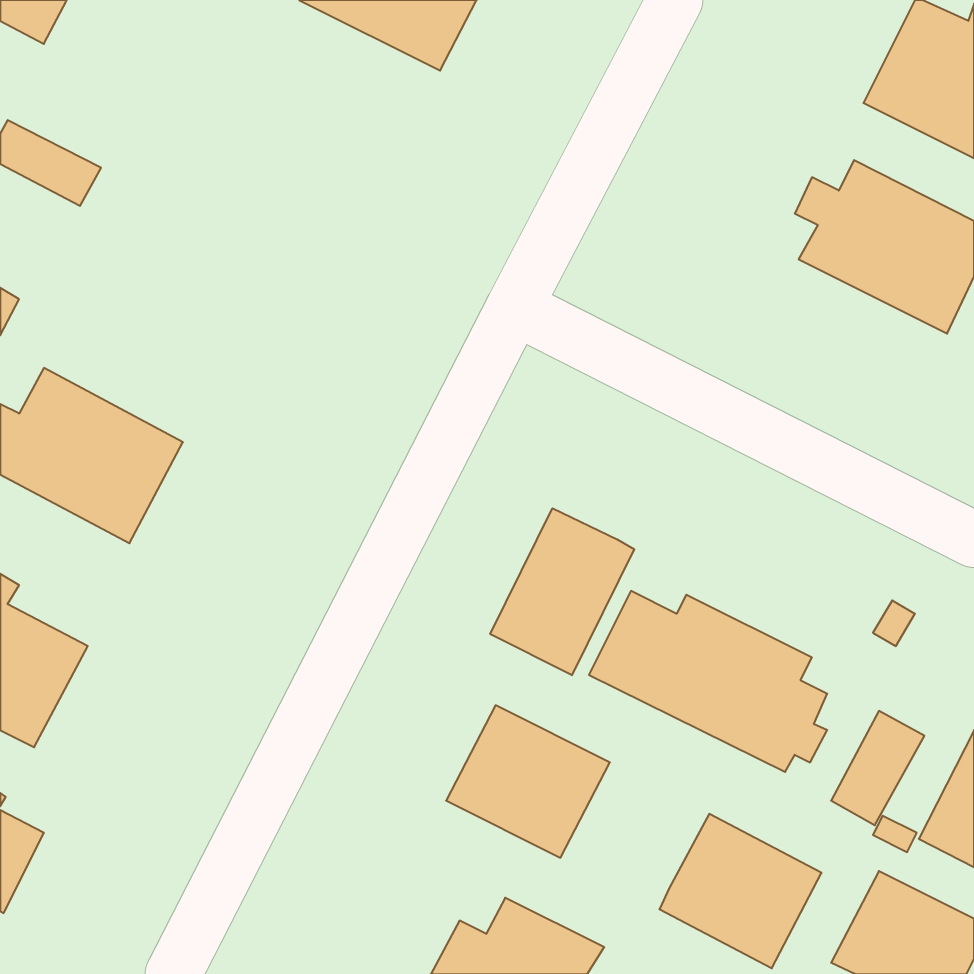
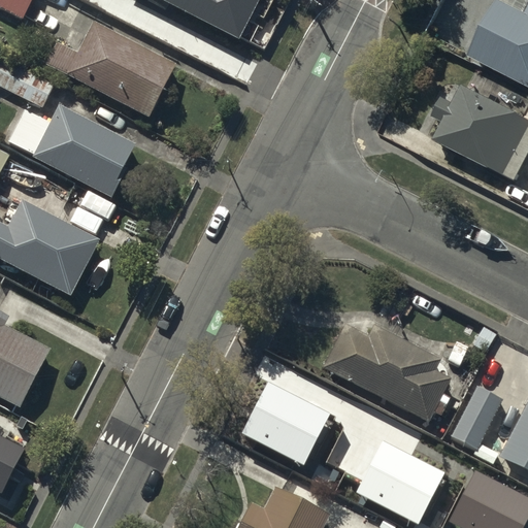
building: none -> [45,21,175,116]
building: none -> [8,104,138,196]
building: [490,508,634,675] -> none

